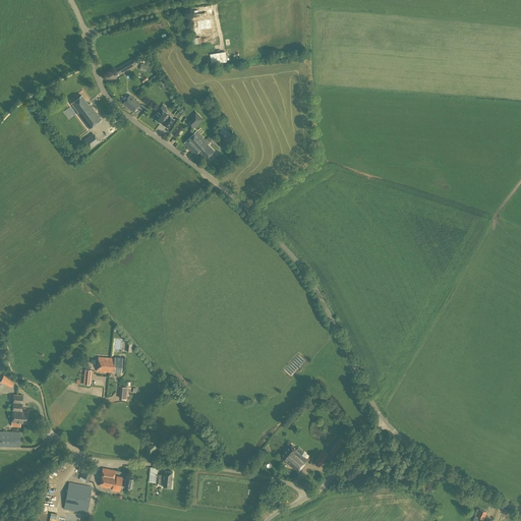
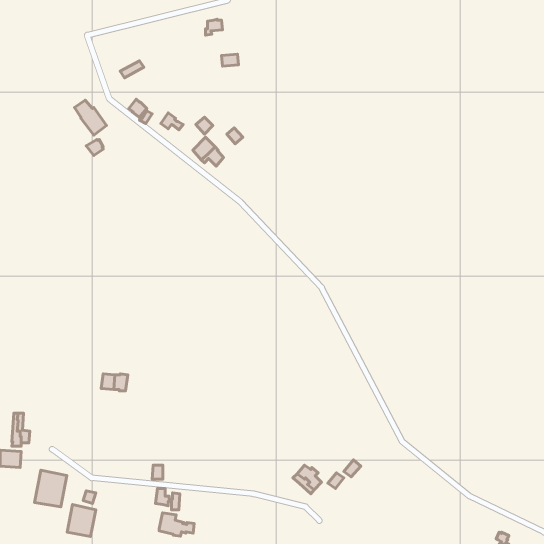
building: none -> [34,470,67,507]
building: [99,468,132,490] -> [159,513,194,536]

